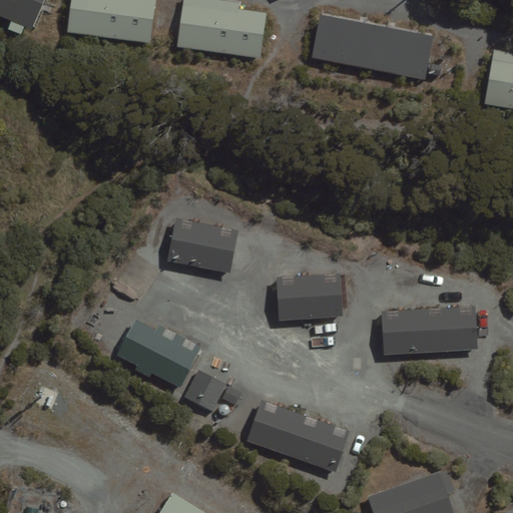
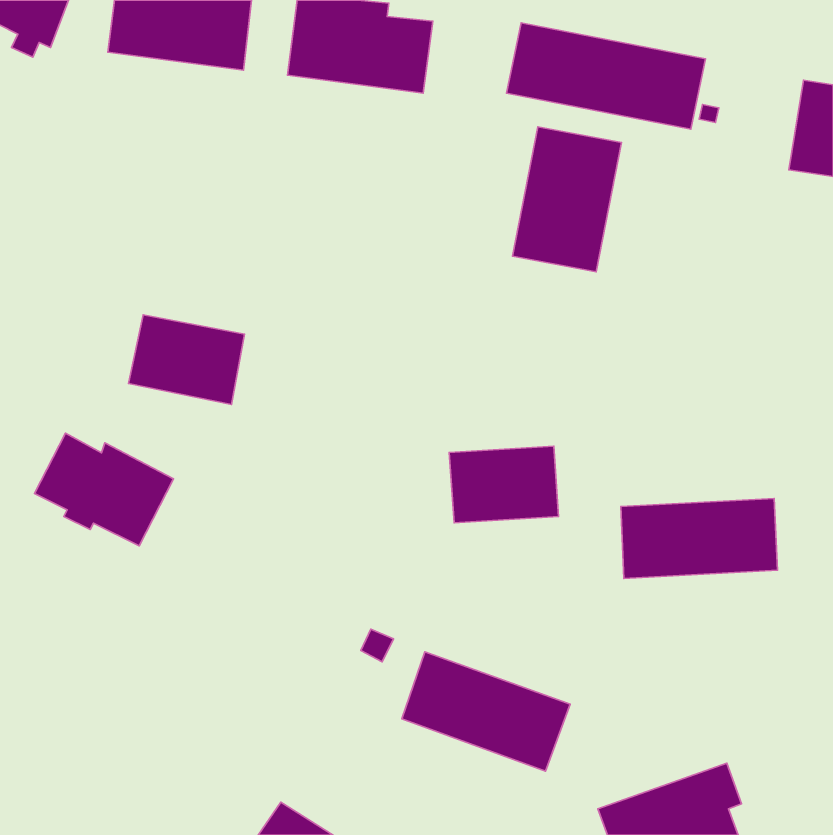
building: none -> [513,127,621,272]
building: [166,218,237,274] -> [128,315,244,405]
building: [115,319,200,388] -> [35,433,173,546]
building: [183,370,225,412] -> none

